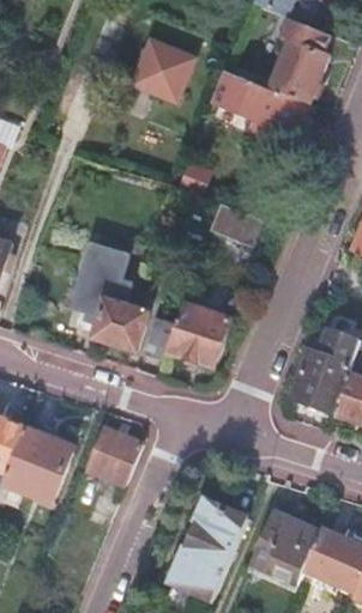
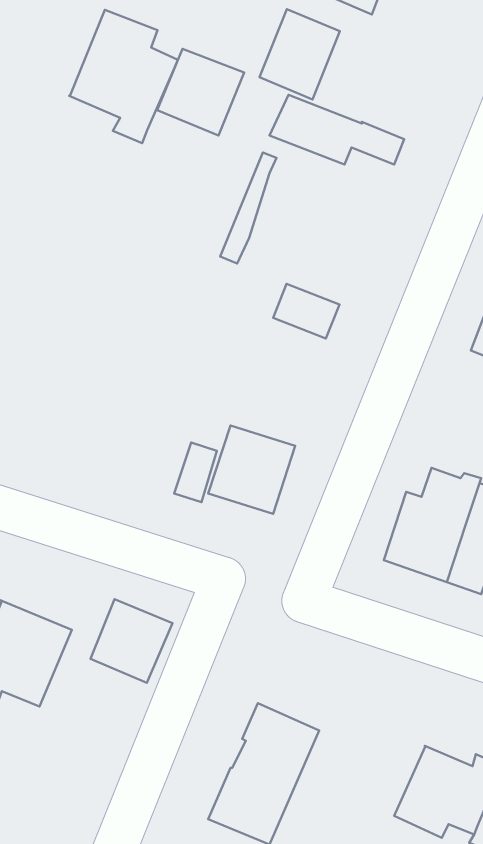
building: none -> [69,10,178,143]
building: [270,37,326,101] -> [260,9,340,99]
building: [70,248,147,348] -> none
building: [251,509,320,582] -> none

